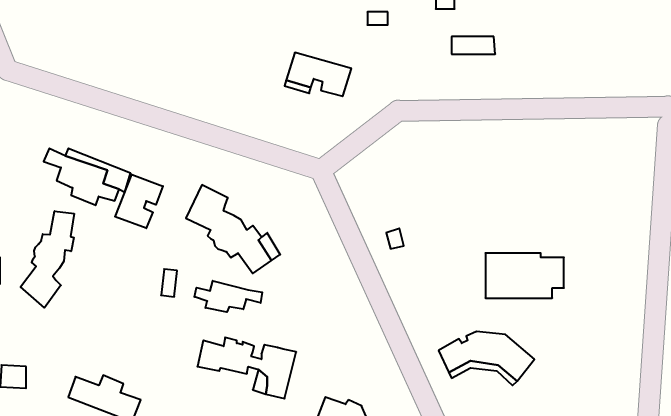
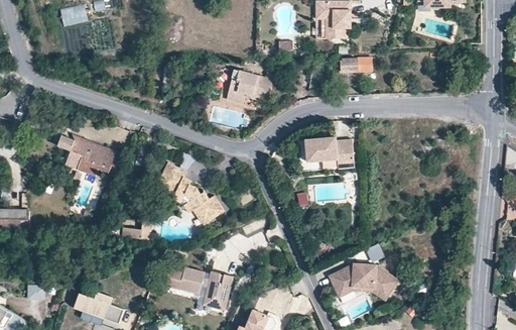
building: [115,175,163,228] -> none
building: [21,211,74,308] -> none
building: [485,253,564,298] -> [300,134,355,166]
building: [194,281,262,312] -> none

